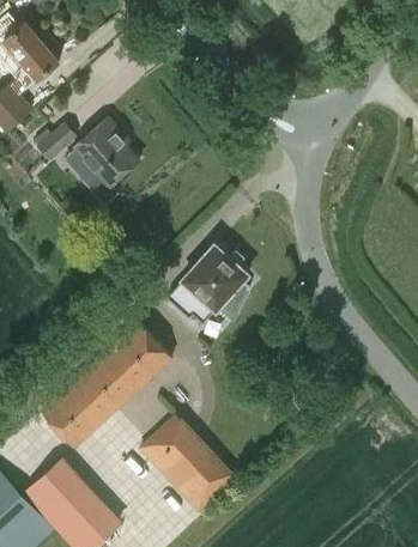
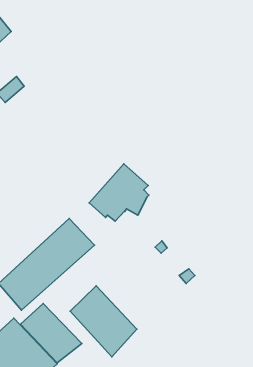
building: [74,118,139,188] -> none
building: none -> [21,304,82,363]

